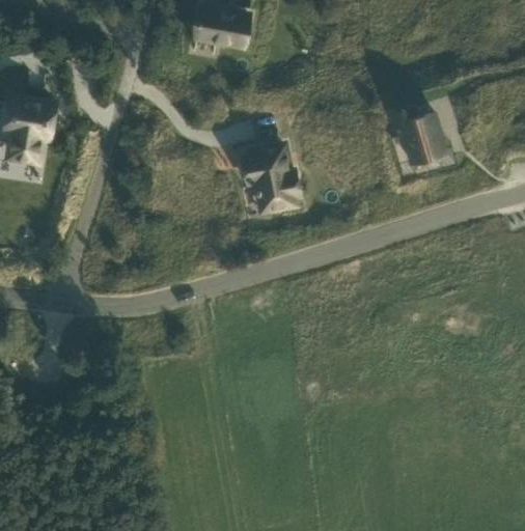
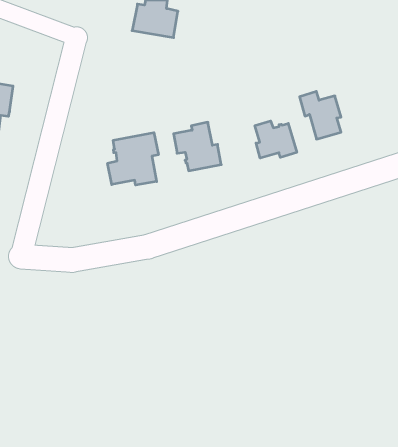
building: none -> [255,121,297,158]
building: none -> [108,133,158,185]

